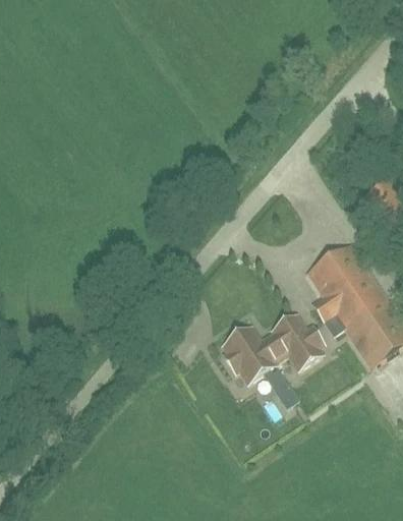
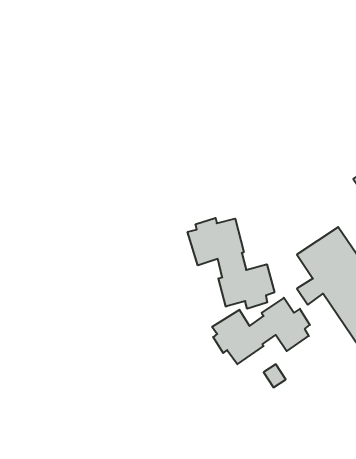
building: none -> [188,218,274,309]

